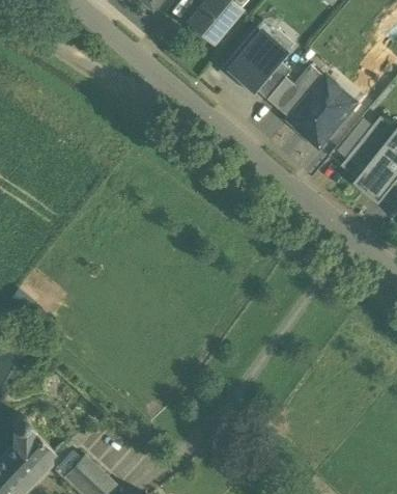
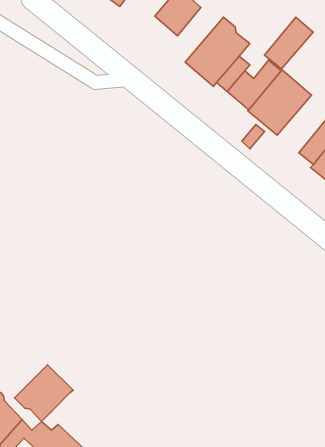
building: none -> [265,17,313,69]
building: none -> [14,365,73,421]

